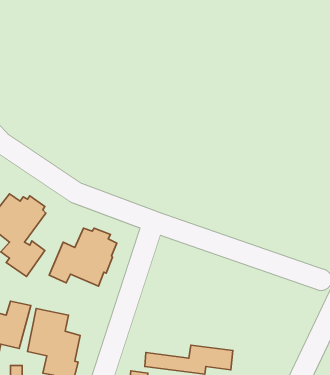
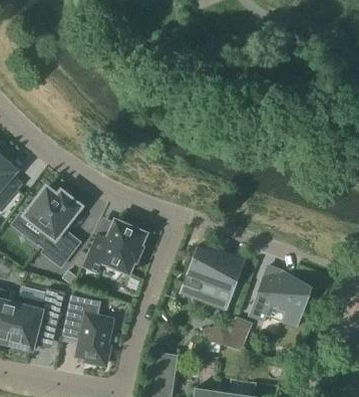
building: none -> [183,247,243,312]
building: none -> [248,271,312,327]

